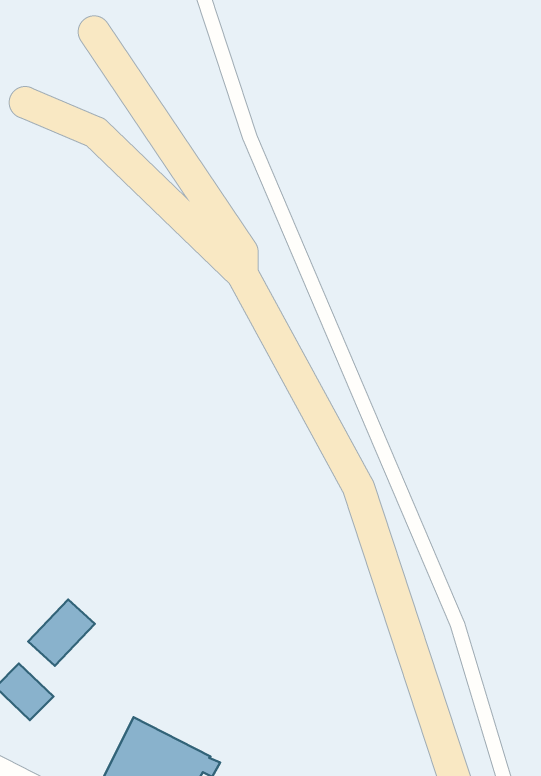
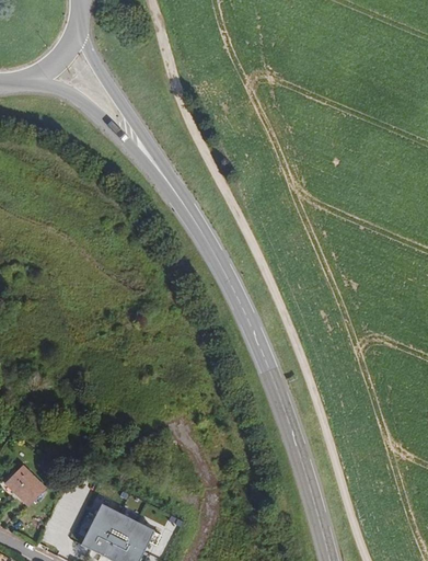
building: [28,600,95,666] -> none

